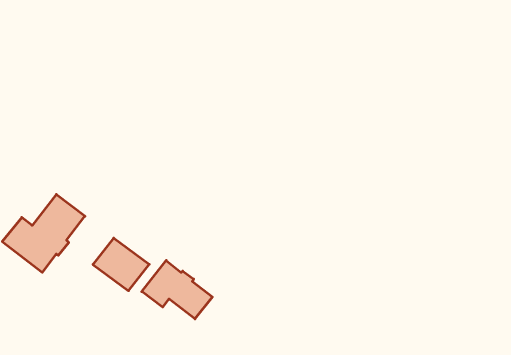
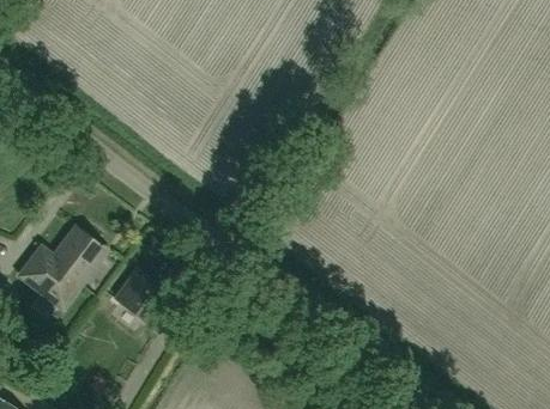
building: [142,260,212,319] -> none

